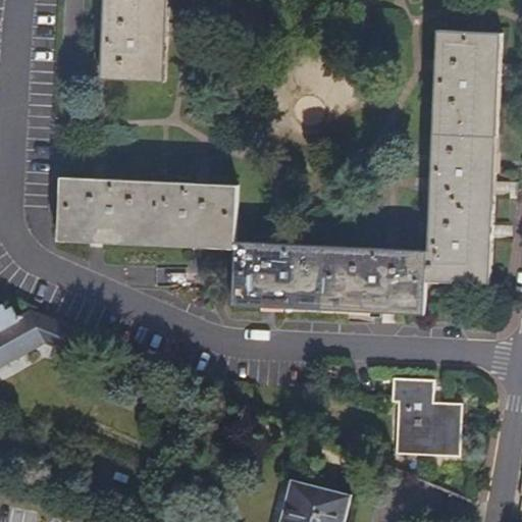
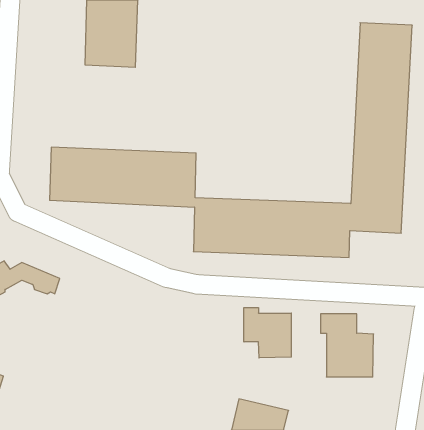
building: none -> [244,308,291,358]

